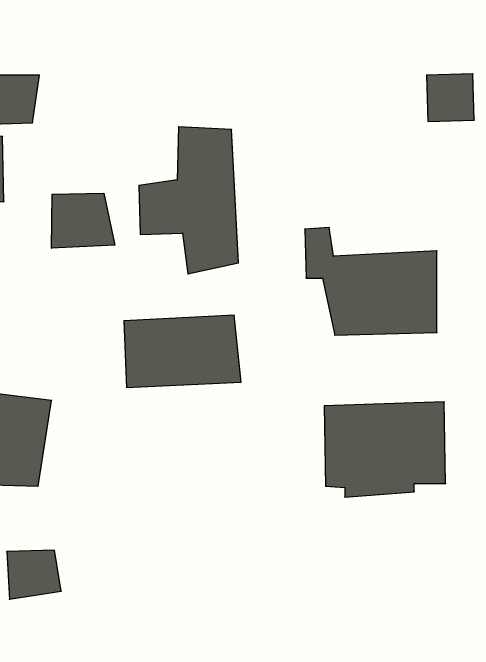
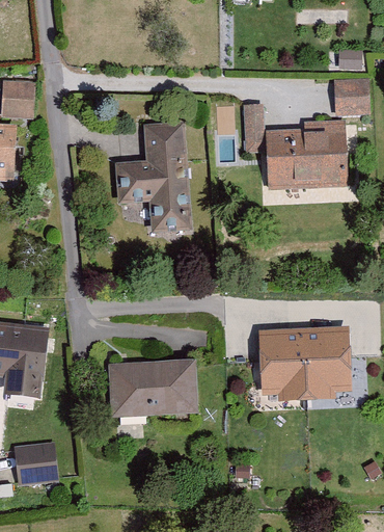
building: [52,193,115,248] -> none
building: [305,228,437,335] -> [246,105,347,187]
building: [124,315,241,387] -> [110,362,199,417]

